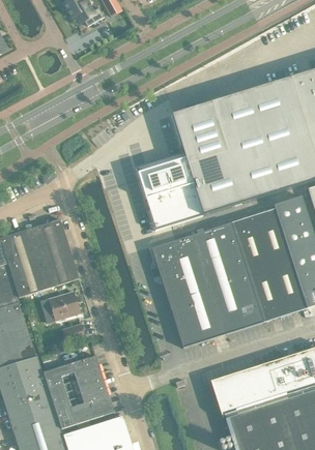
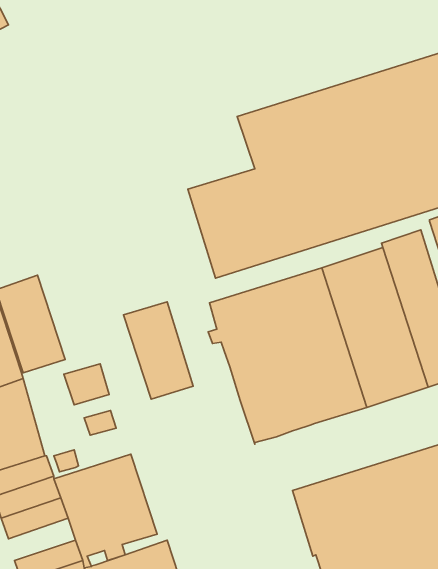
building: [29,218,79,288] -> [123,302,193,399]
building: [8,400,56,430] -> none

